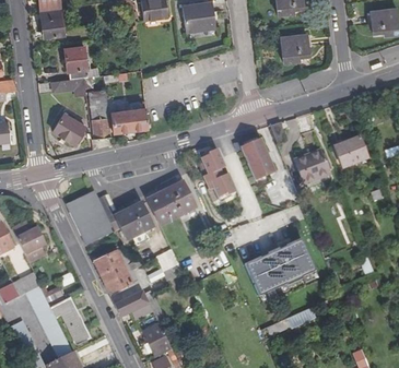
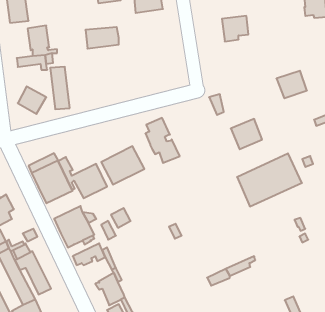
building: [112,109,149,133] -> [85,27,119,49]
building: [238,139,272,180] -> none
building: [332,139,366,169] -> [276,71,307,98]
building: [243,237,315,296] -> [237,153,302,206]

